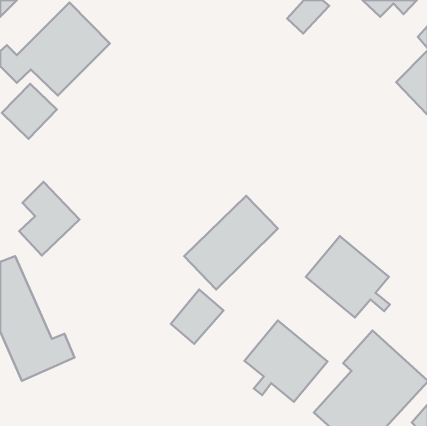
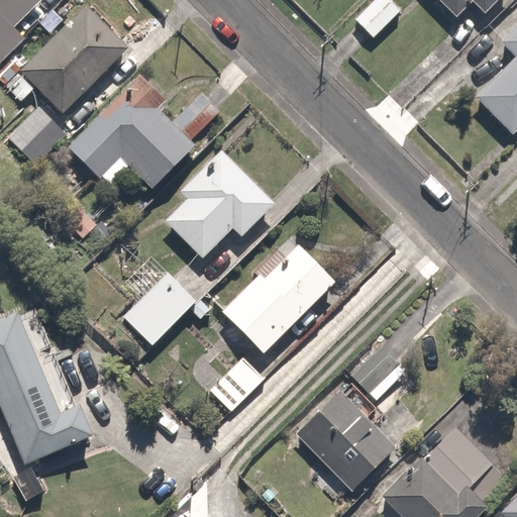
building: none -> [70,78,195,190]
building: none -> [165,149,273,256]
building: [19,182,80,255] -> [124,257,197,346]
building: [306,236,390,318] -> none

